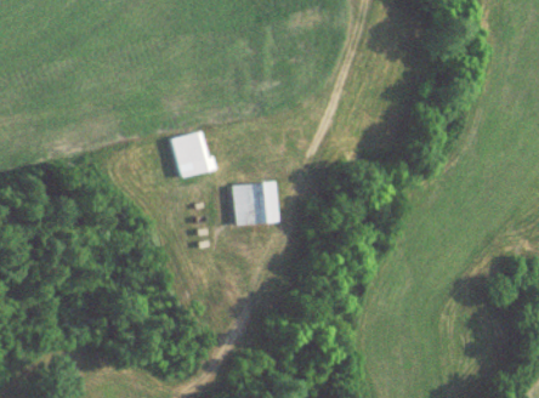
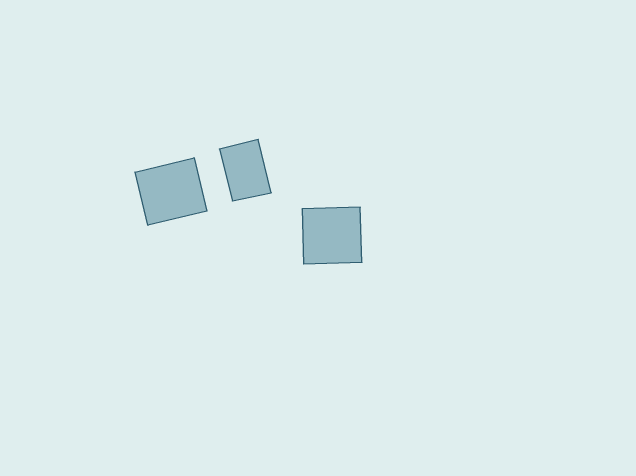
building: none -> [135,158,207,225]

